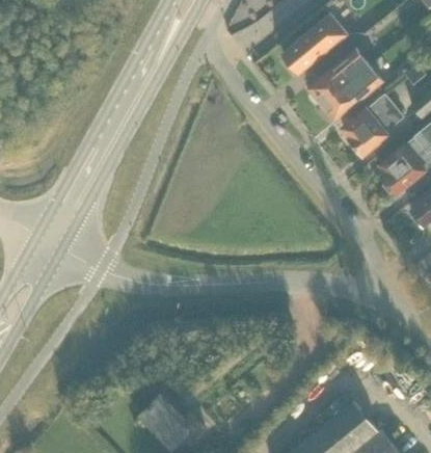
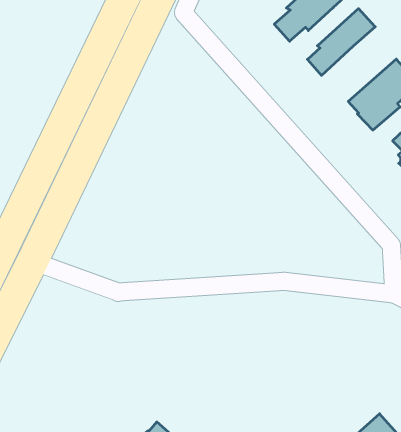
building: [320,65,382,119] -> none

